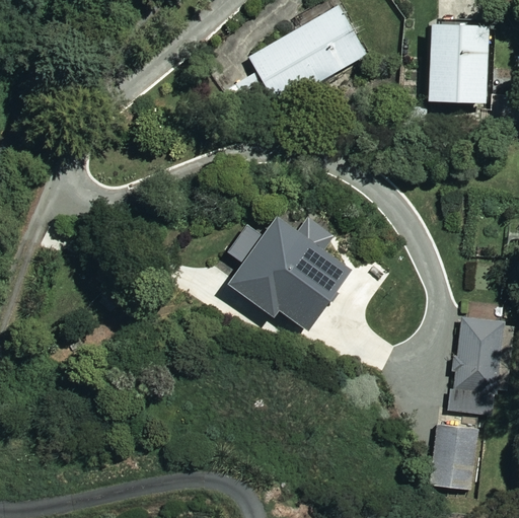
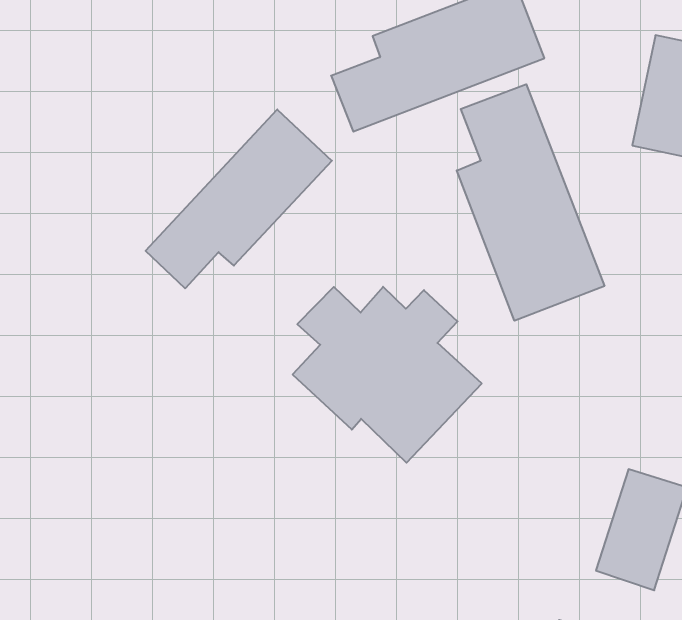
building: none -> [457,84,604,321]
building: none -> [146,109,332,288]

